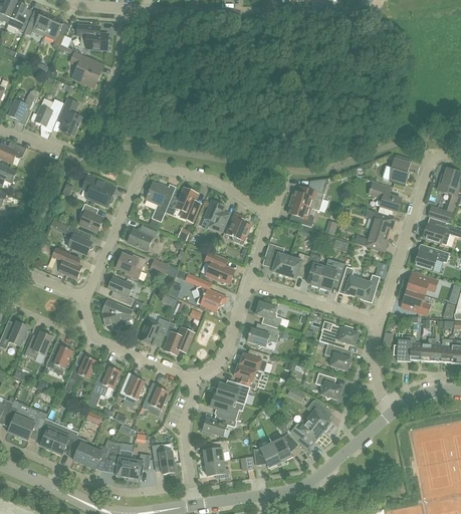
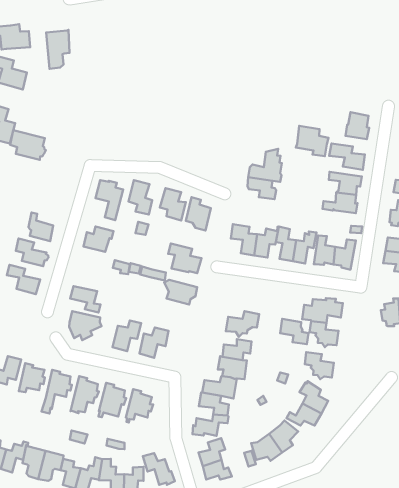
building: none -> [46,30,70,69]
building: none -> [296,126,329,156]
building: [81,175,114,206] -> [10,130,46,160]
building: [117,253,144,278] -> none
building: [255,300,281,327] -> [280,319,308,344]

